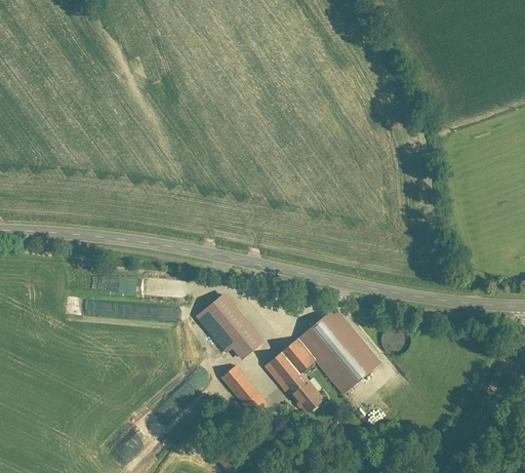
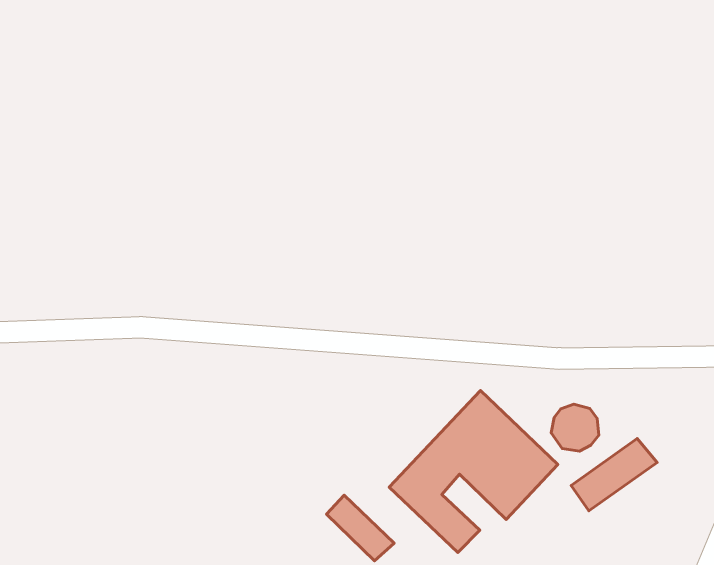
building: [196,293,264,356] -> none
building: none -> [571,438,657,511]

